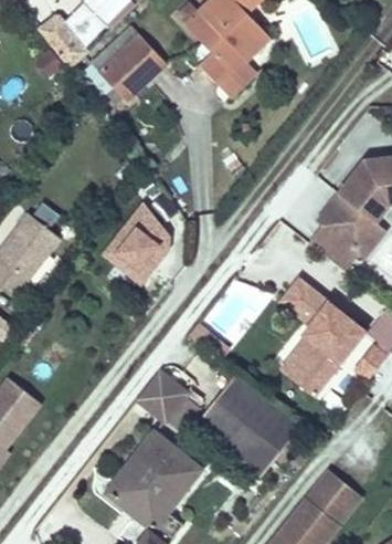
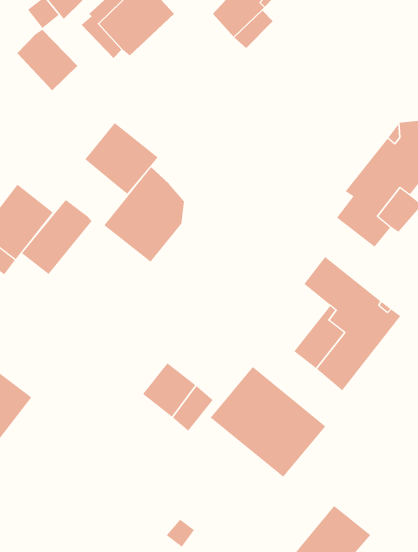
building: none -> [16,29,78,91]
building: none -> [85,122,158,195]
building: none -> [21,199,92,275]
building: [107,431,201,529] -> none
building: [307,470,362,524] -> none

